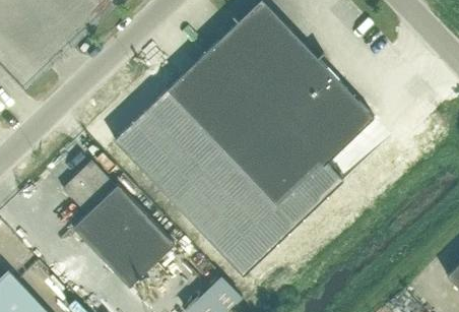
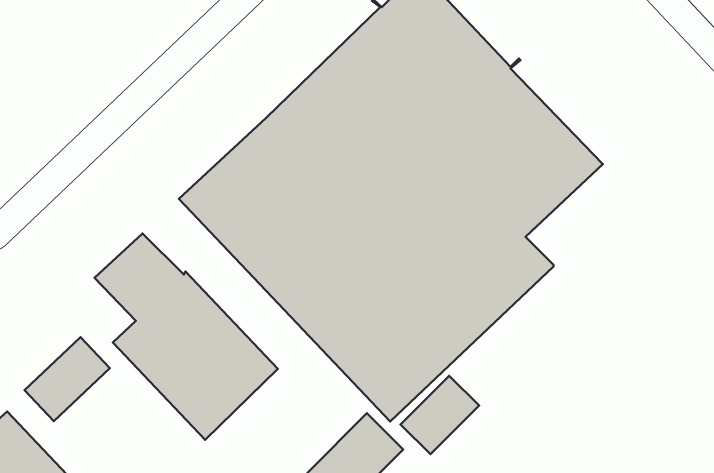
building: none -> [25,337,110,421]
building: none -> [401,376,479,454]

